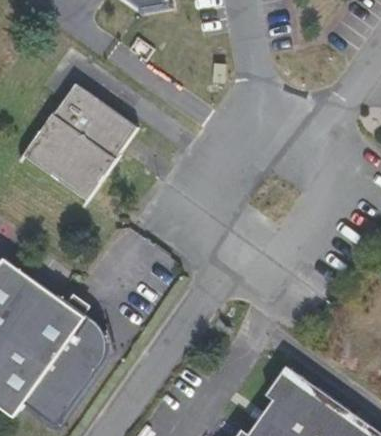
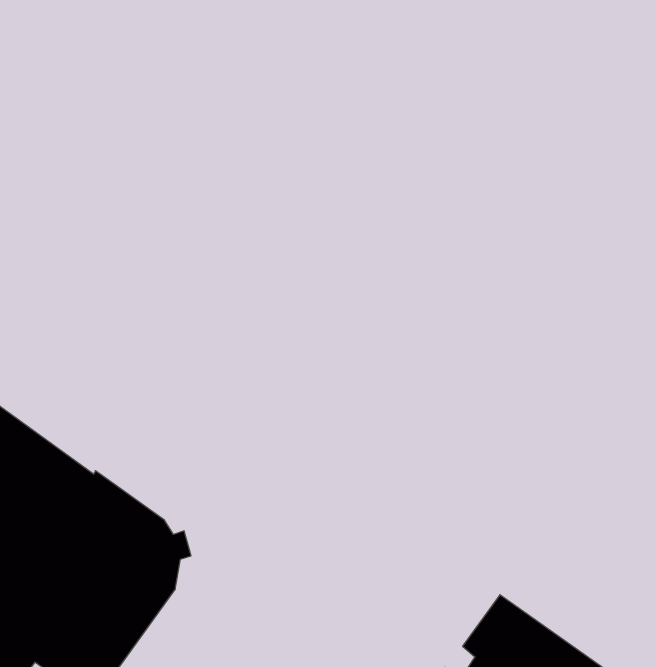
building: [24,84,137,202] -> none

